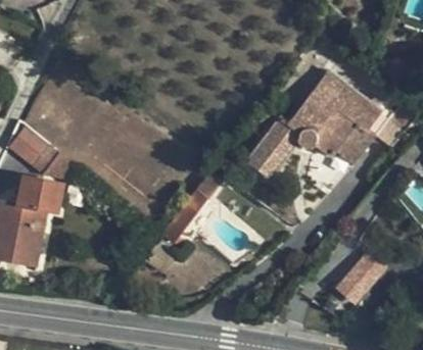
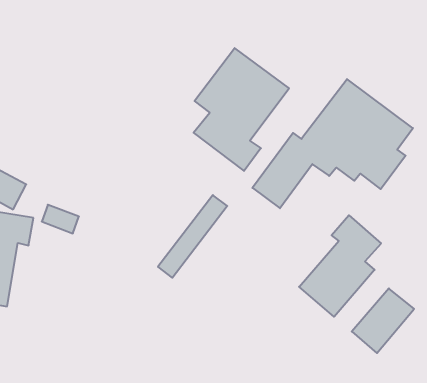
building: none -> [194,48,289,171]
building: none -> [299,215,381,317]

